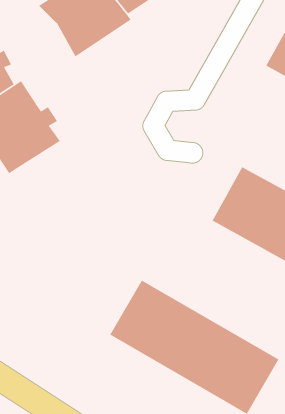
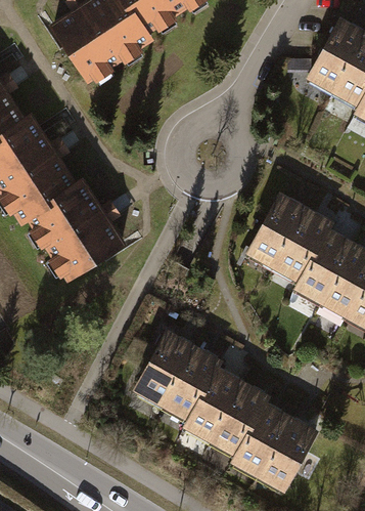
building: none -> [12,171,124,279]

